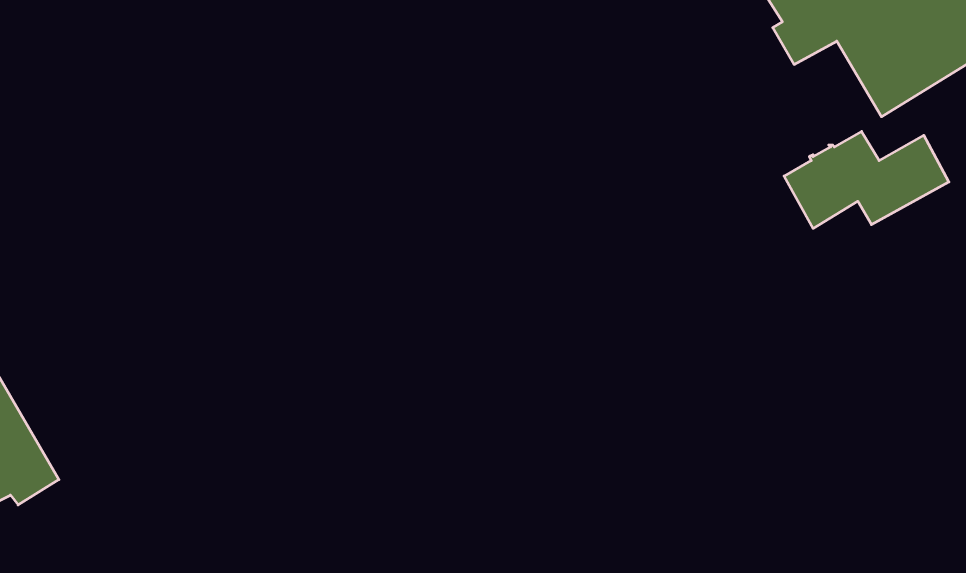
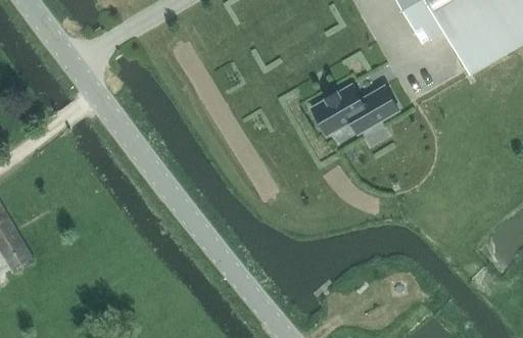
building: [784,131,949,228] -> [310,85,396,136]

